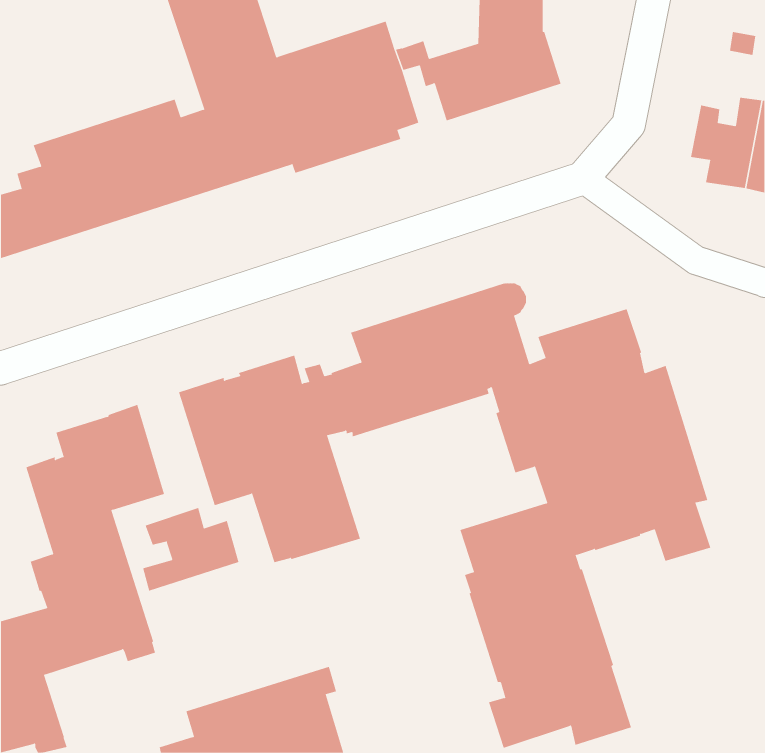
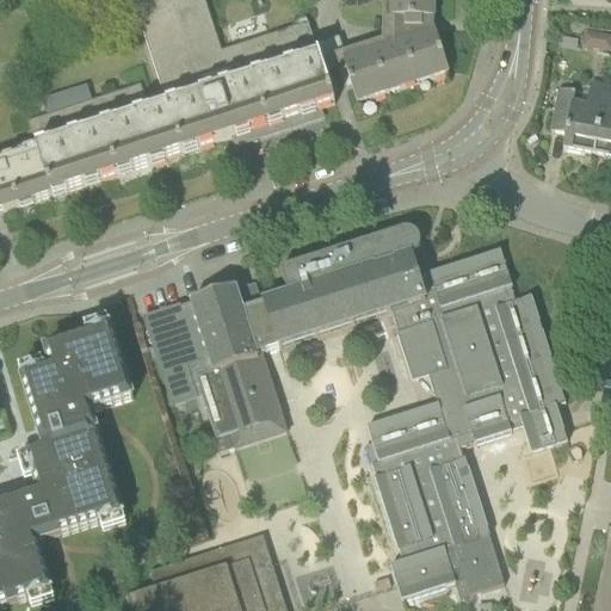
building: [143,507,239,591] -> none

